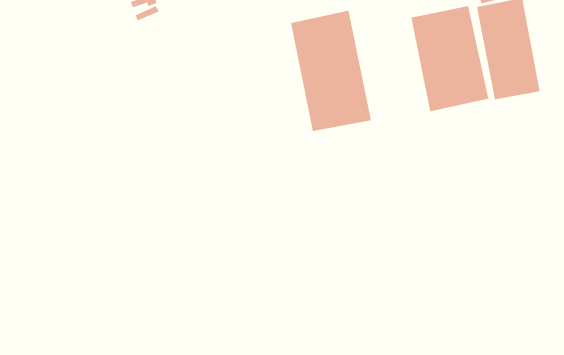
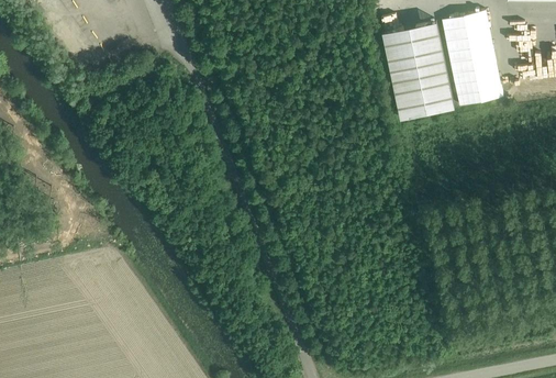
building: [290,10,371,132] -> none

